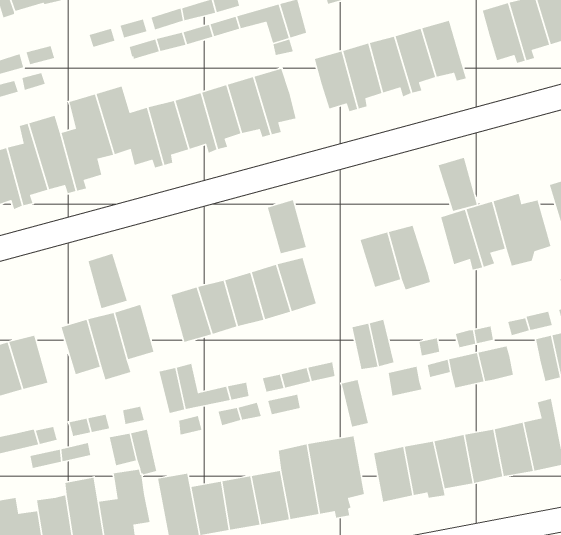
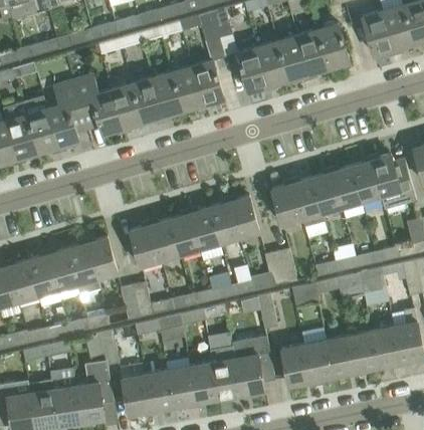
building: [438,157,478,212] -> [311,172,342,213]
building: [267,199,307,254] -> [229,196,259,237]
building: [87,253,128,309] -> [28,254,58,296]

